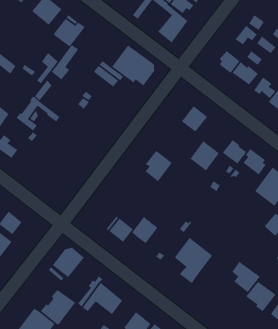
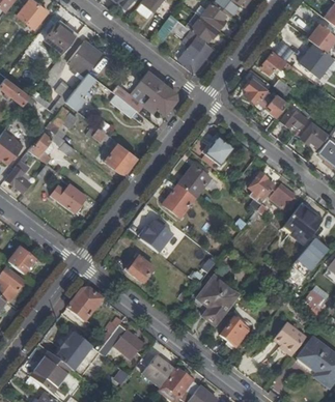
building: none -> [103,143,137,176]
building: [189,140,220,172] -> [177,165,210,198]
building: none -> [51,186,86,213]
building: [131,216,159,244] -> [140,220,169,250]
building: [231,261,261,293] -> [217,313,248,347]

